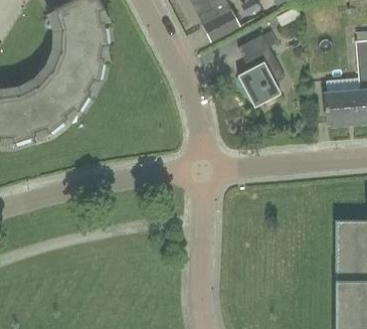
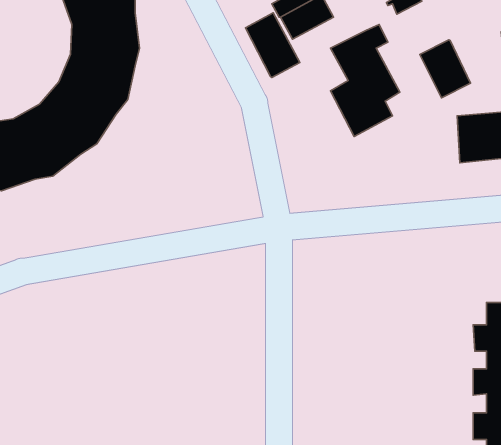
building: none -> [245,13,300,78]
building: none -> [420,40,471,98]

